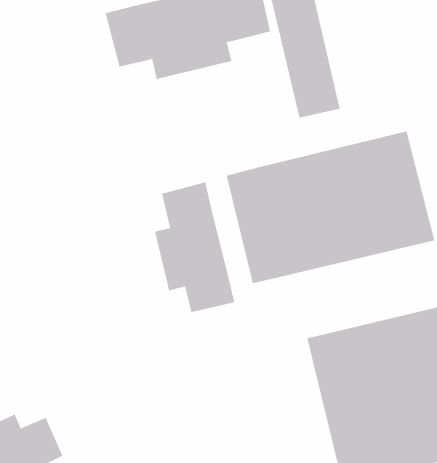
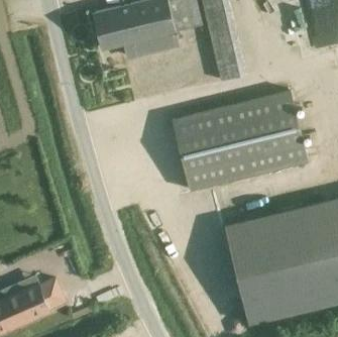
building: [154,182,235,313] -> none

